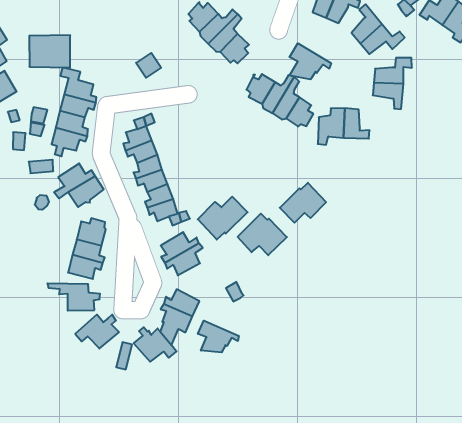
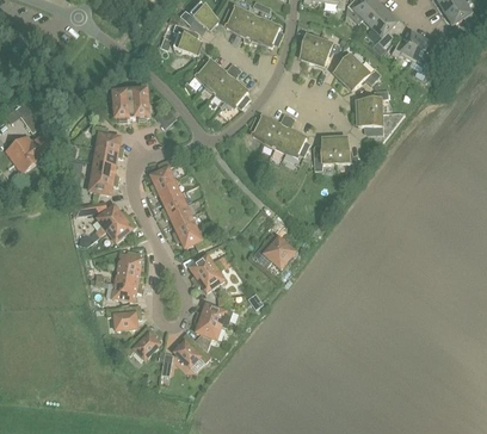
building: [29,35,70,68] -> [112,88,149,118]
building: [289,43,331,79] -> none
building: [280,183,326,223] -> none
building: [198,197,248,240] -> none
building: [198,321,239,352] -> none

